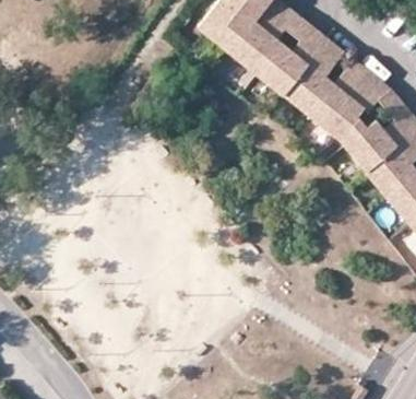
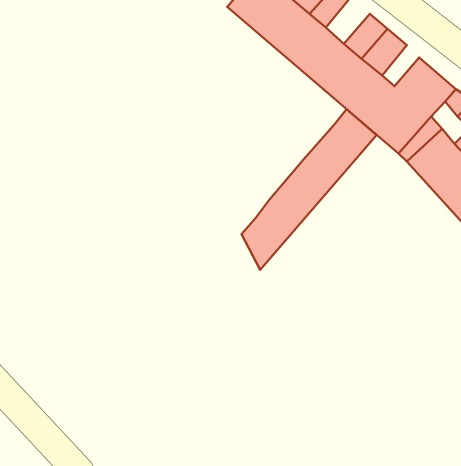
building: none -> [241,109,377,270]

